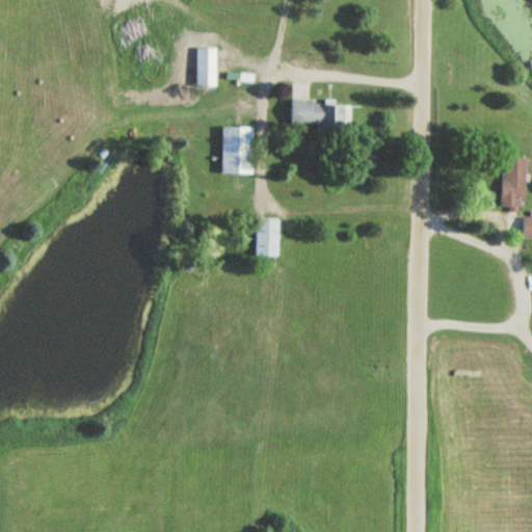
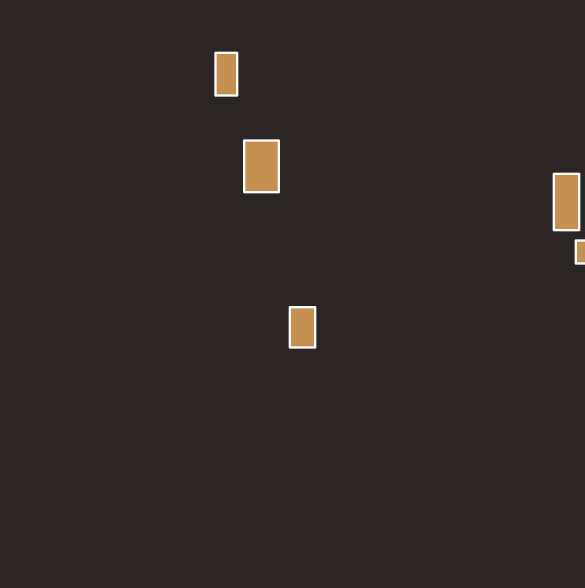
building: [291,101,346,126] -> none
building: [256,219,278,256] -> [290,307,315,347]

